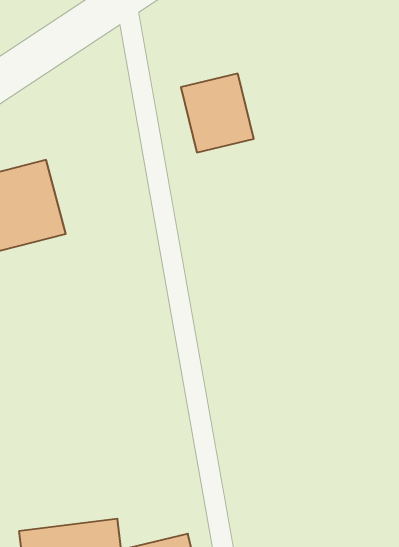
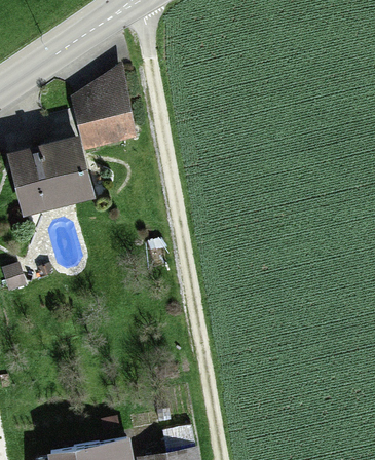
building: [181,74,254,152] -> [73,81,134,147]

